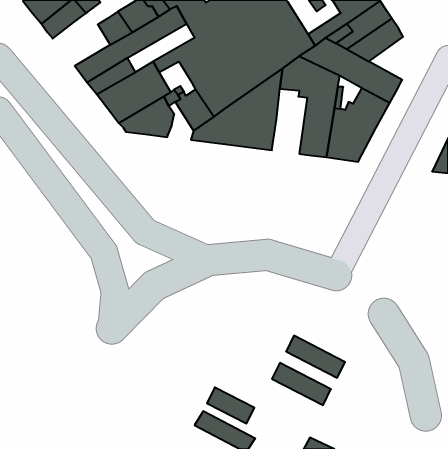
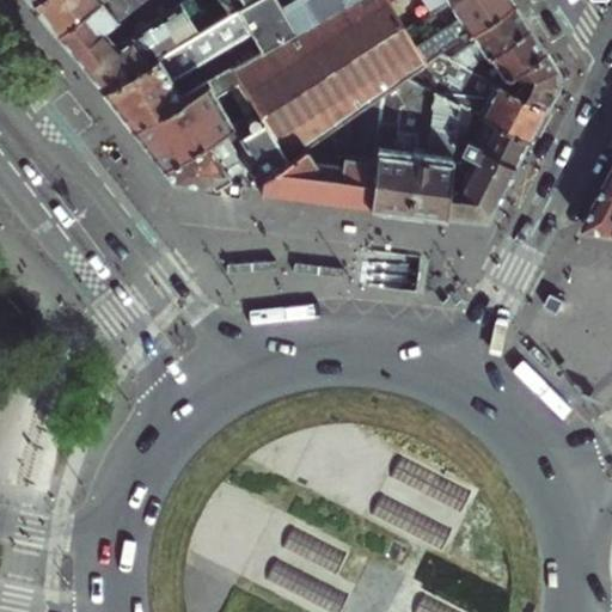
building: none -> [72,27,149,90]
building: none -> [501,50,561,109]
building: none -> [369,121,417,209]

